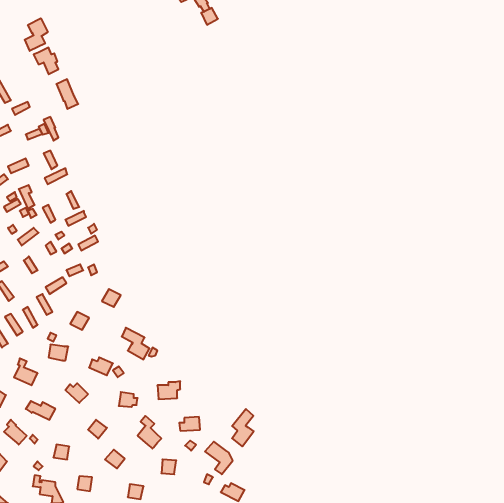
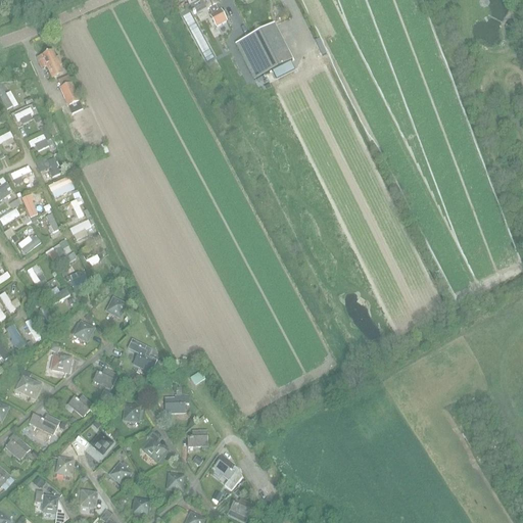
building: [25,18,48,51] -> none
building: none -> [234,21,290,78]
building: [232,409,254,446] -> none

